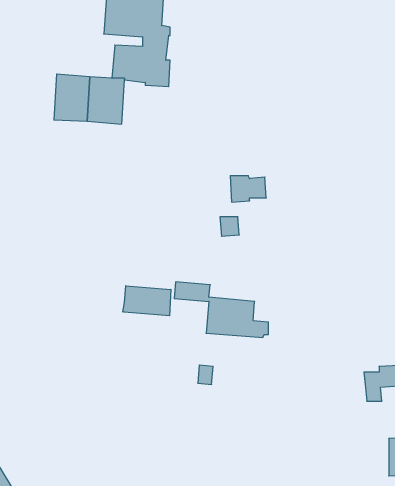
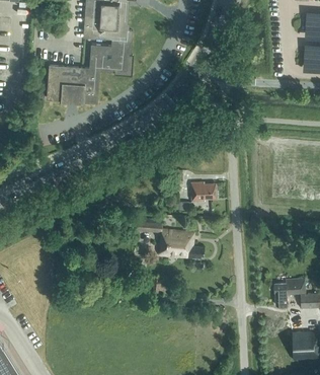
building: [230,176,266,202] -> [189,182,216,202]
building: [123,286,171,316] -> none

